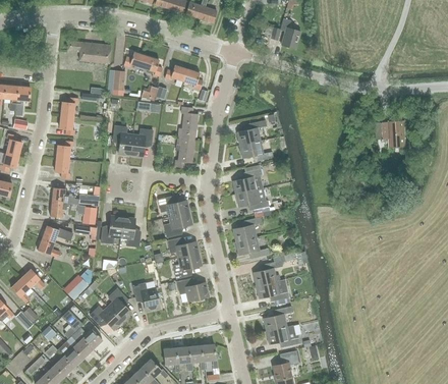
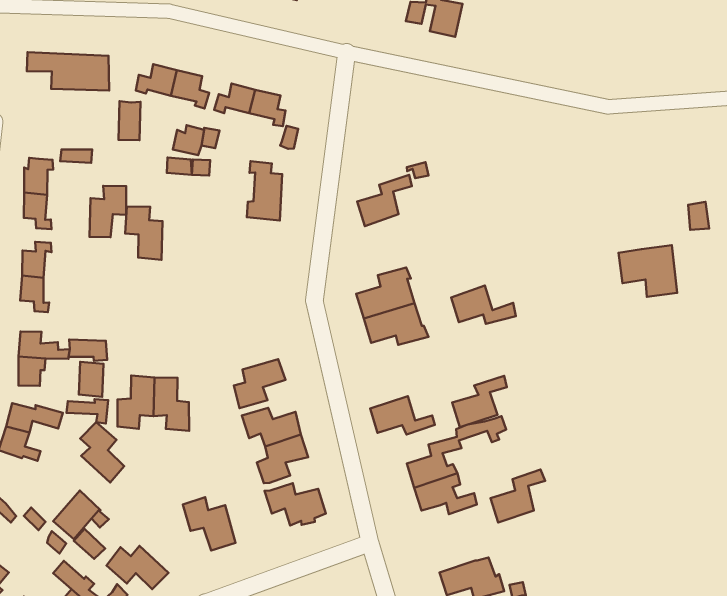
building: [376,120,405,147] -> [619,245,677,297]
building: [130,128,152,156] -> [89,186,126,237]
building: [174,135,194,167] -> none
building: [239,140,273,160] -> [451,286,516,324]
building: [158,196,188,216] -> none
building: [232,216,262,241] -> [452,376,507,427]
building: [108,288,130,321] -> [80,422,124,483]
building: [263,305,292,331] -> [491,470,545,523]

